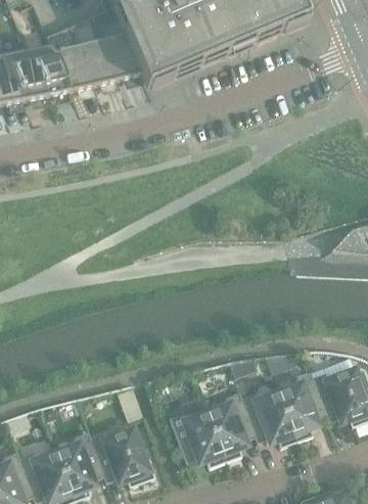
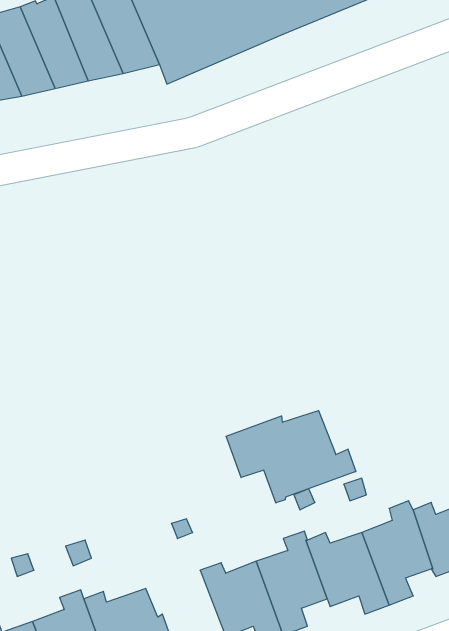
building: none -> [226,411,356,503]

